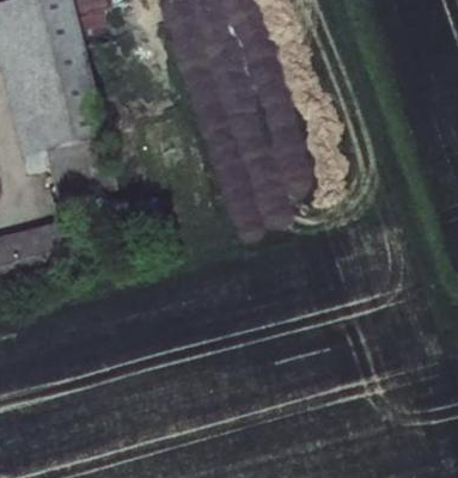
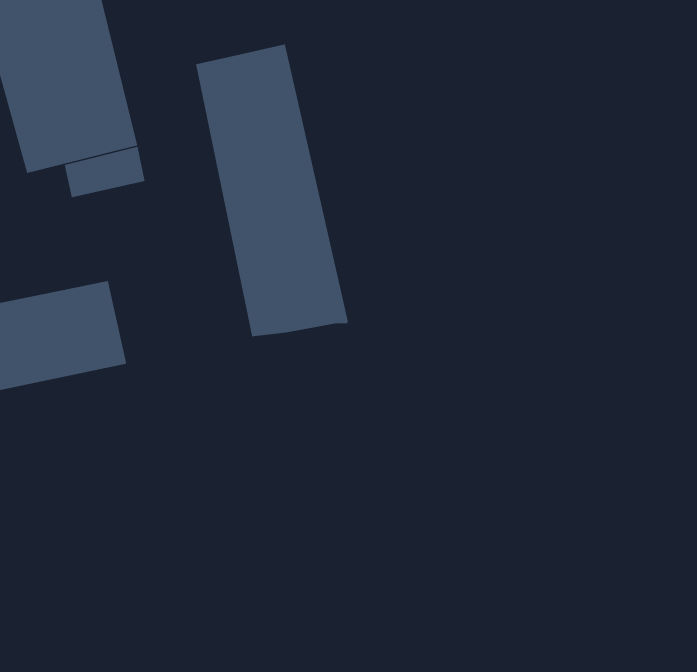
building: none -> [195,44,349,337]

